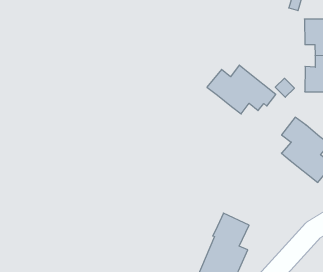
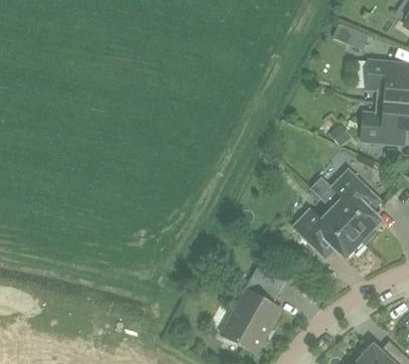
building: [207,65,276,114] -> [289,205,365,259]

